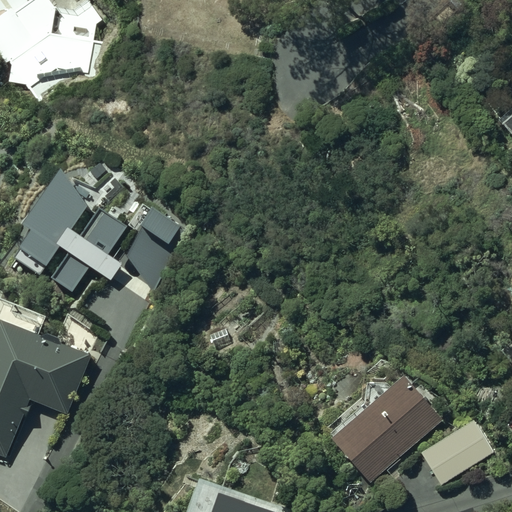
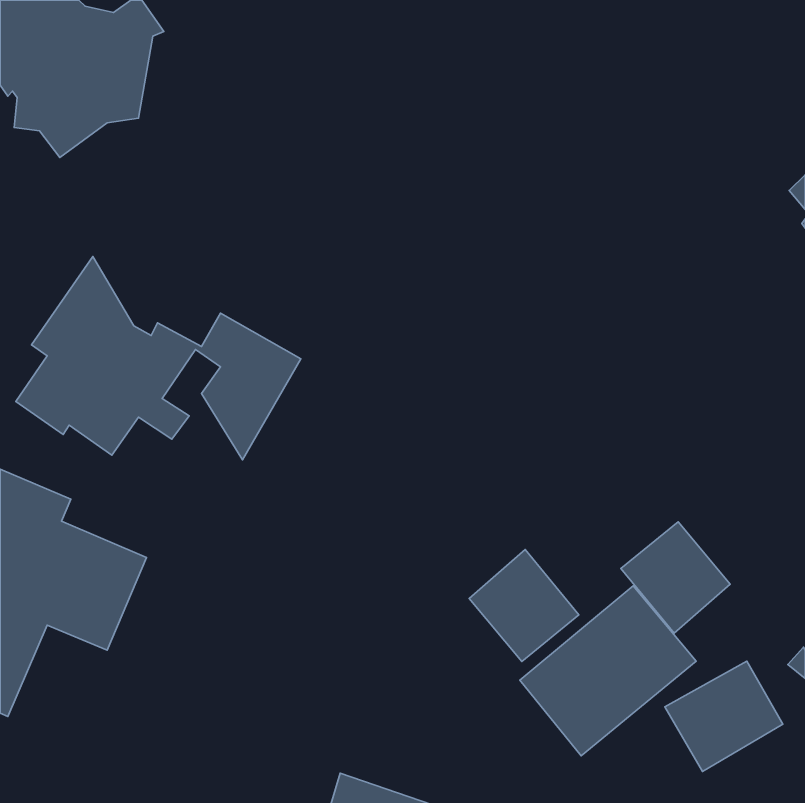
building: none -> [621,522,730,633]
building: none -> [469,549,579,662]

